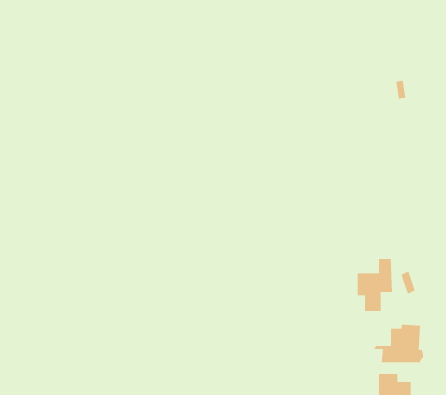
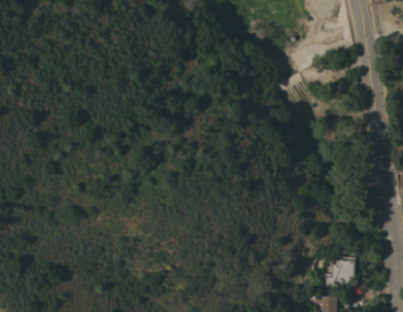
building: [357,258,393,312] -> none

